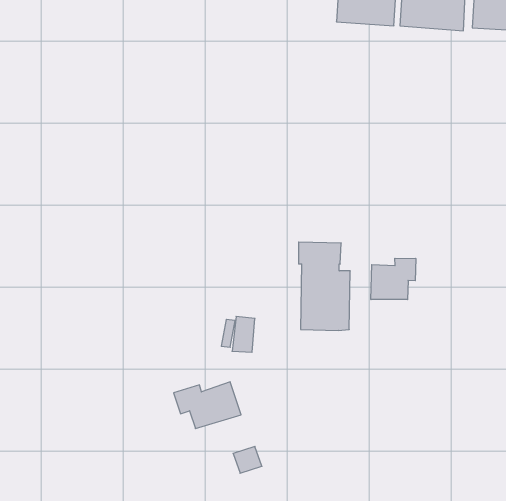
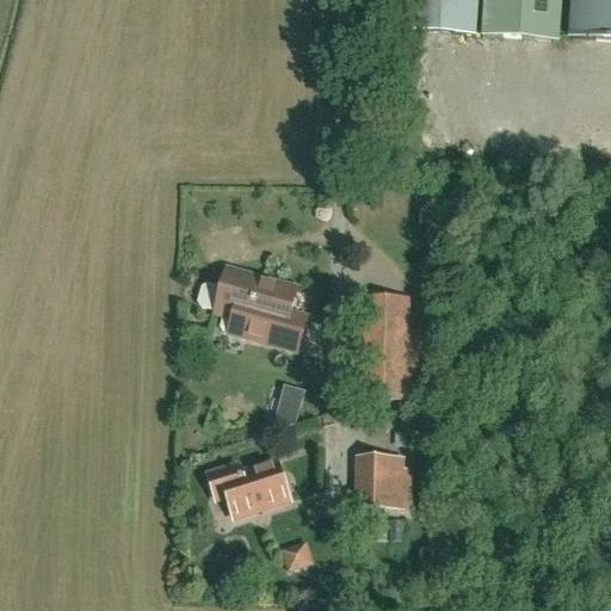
building: none -> [198,266,309,348]
building: [371,258,416,300] -> none
building: none -> [360,456,402,506]

